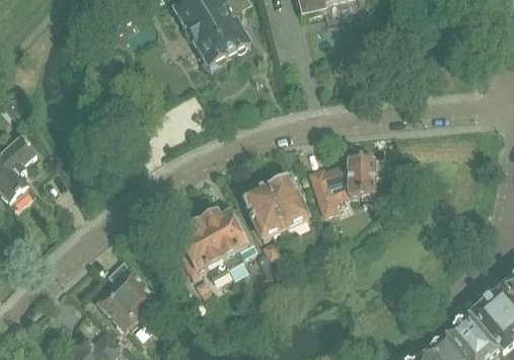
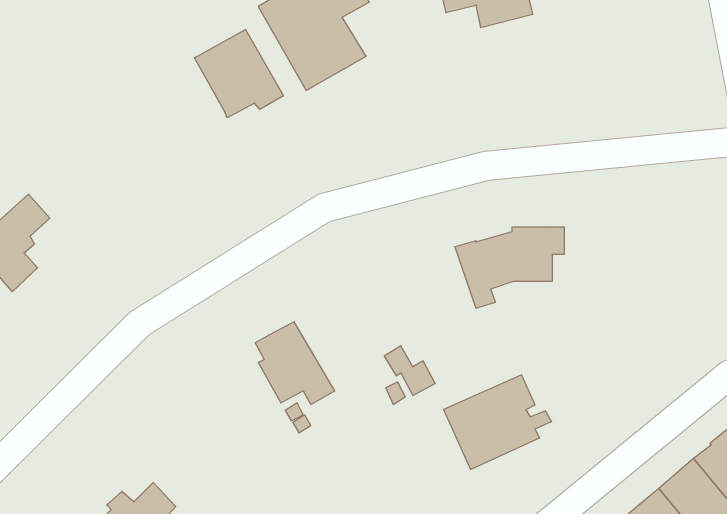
building: none -> [194,29,283,118]
building: [242,173,315,237] -> [444,375,552,469]
building: [200,207,255,268] -> none
building: [98,259,153,328] -> none

